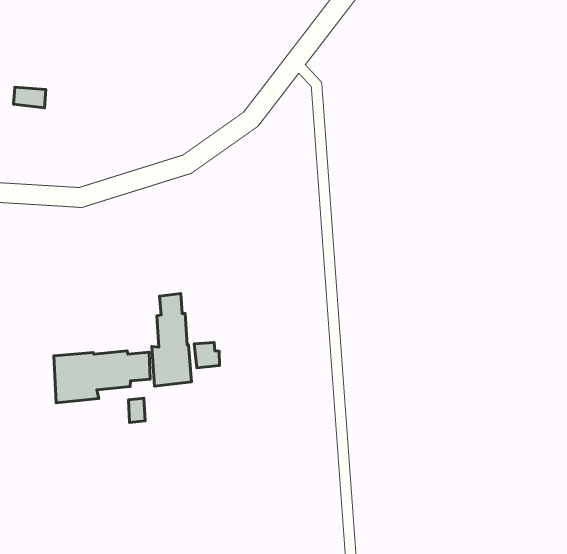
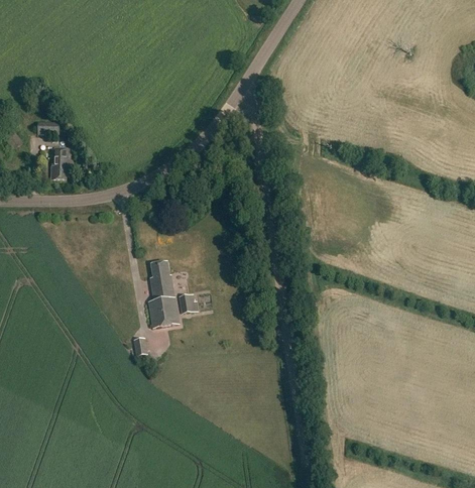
building: none -> [51,148,71,179]
building: [54,351,150,403] -> none

